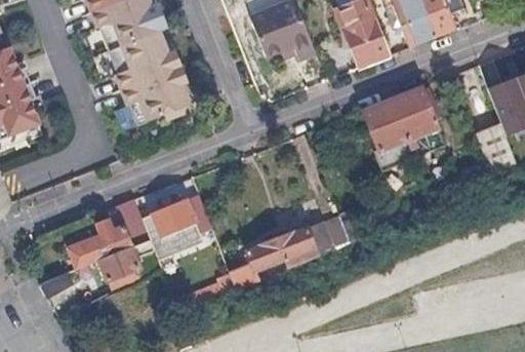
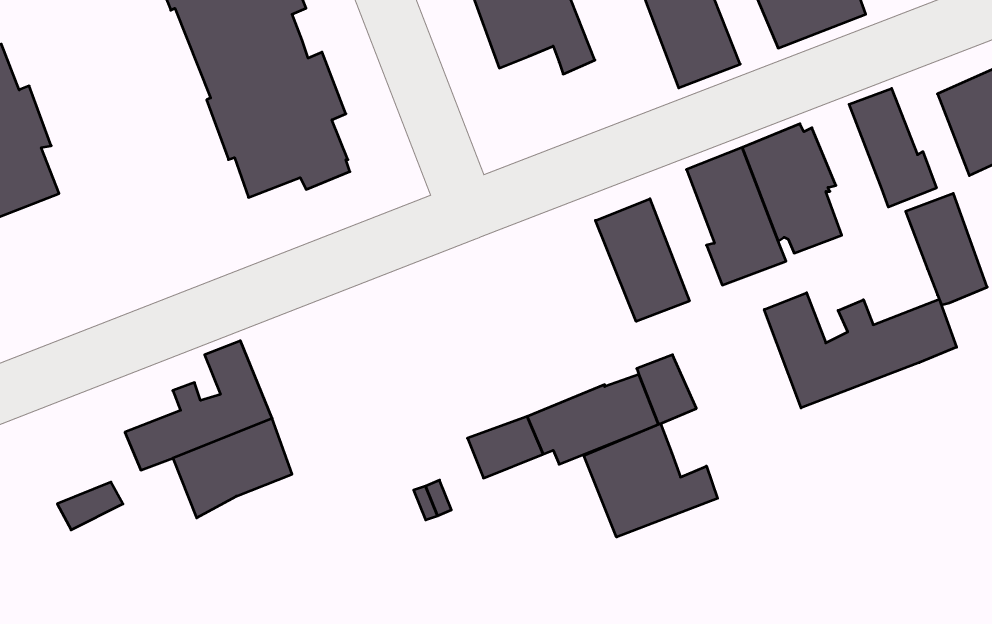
building: none -> [849,88,936,207]
building: none -> [595,199,689,321]
building: none -> [764,293,957,408]
building: [153,195,209,242] -> none
building: none -> [584,424,718,537]

